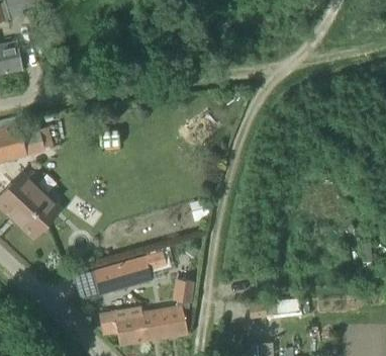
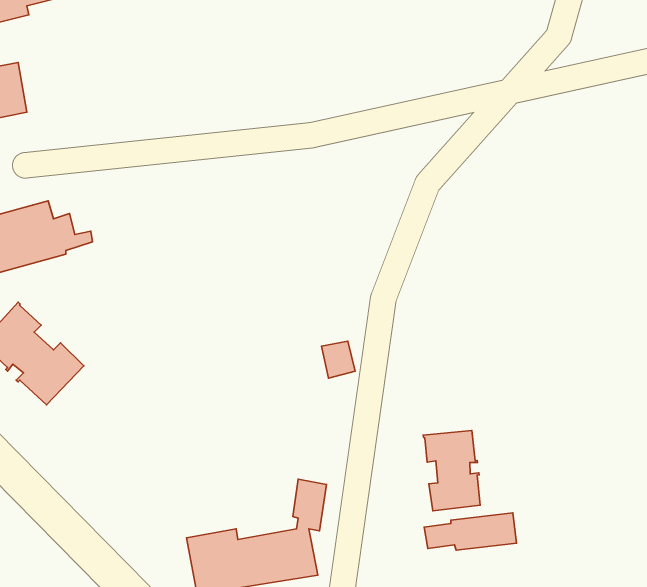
building: none -> [423,431,480,511]
building: [94,251,168,292] -> none

